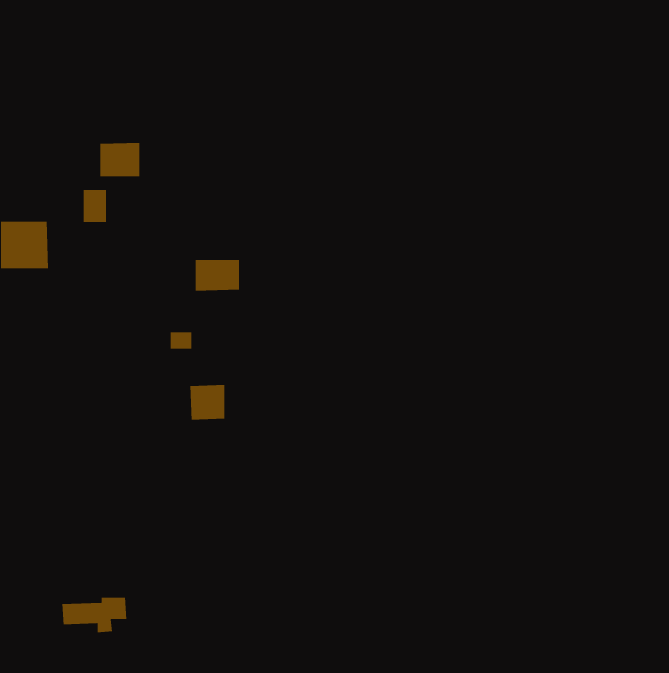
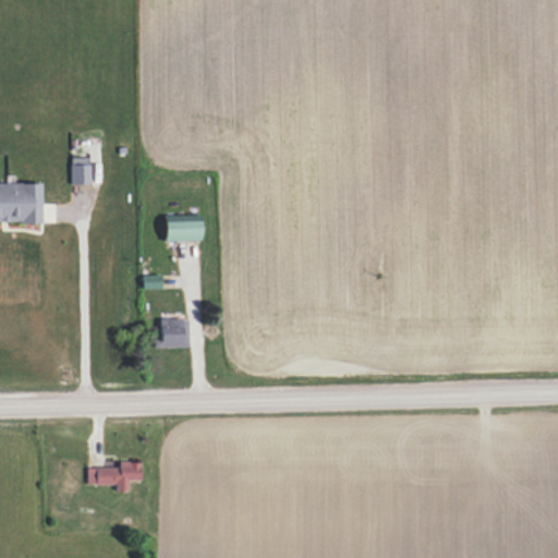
building: [100,142,140,177] -> none
building: [61,597,127,633] -> [87,462,142,492]

